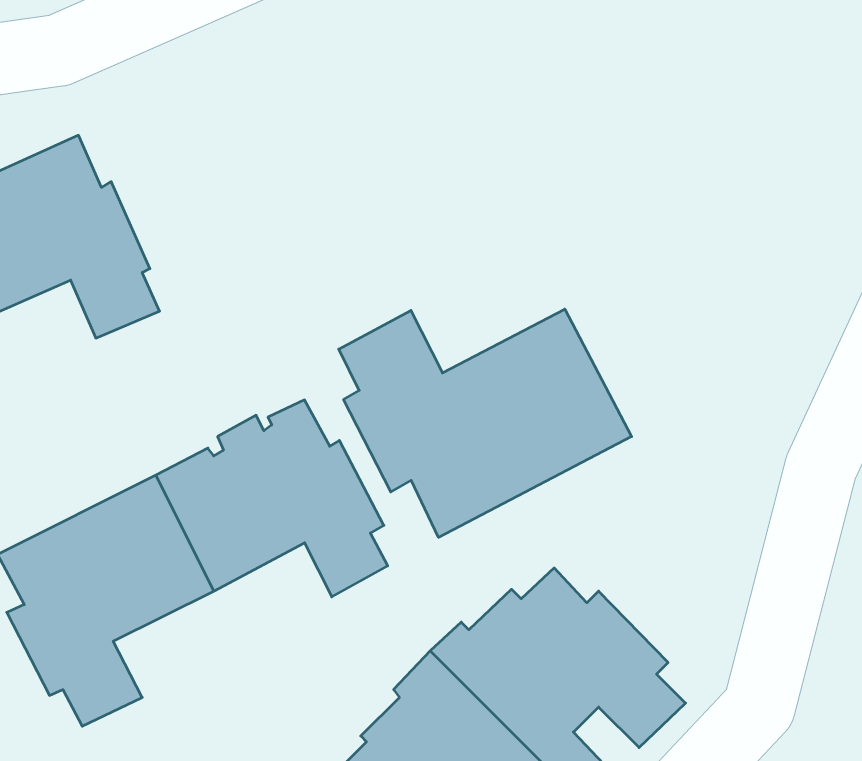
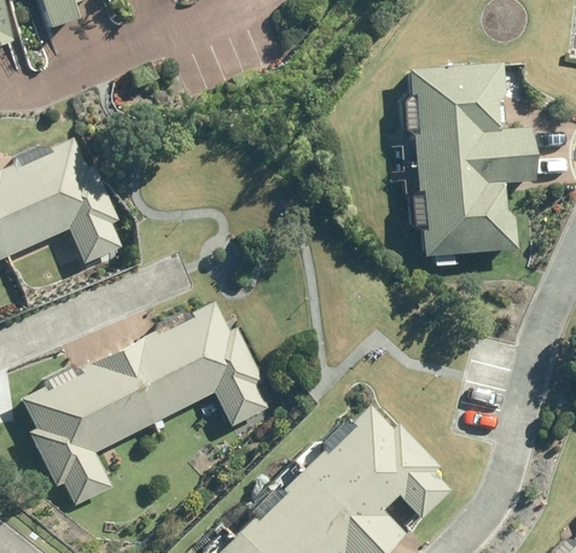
building: none -> [400,64,535,256]
building: [339,309,632,537] -> none

